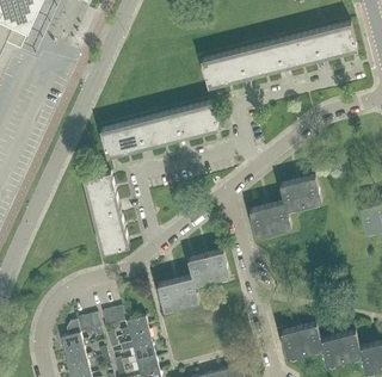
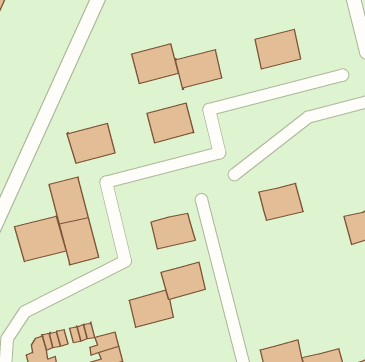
building: [313,21,357,58] -> none
building: [239,41,282,76] -> none
building: [137,110,181,147] -> [131,44,179,83]
building: [249,202,291,235] -> [151,213,195,249]
building: none -> [14,216,66,262]

